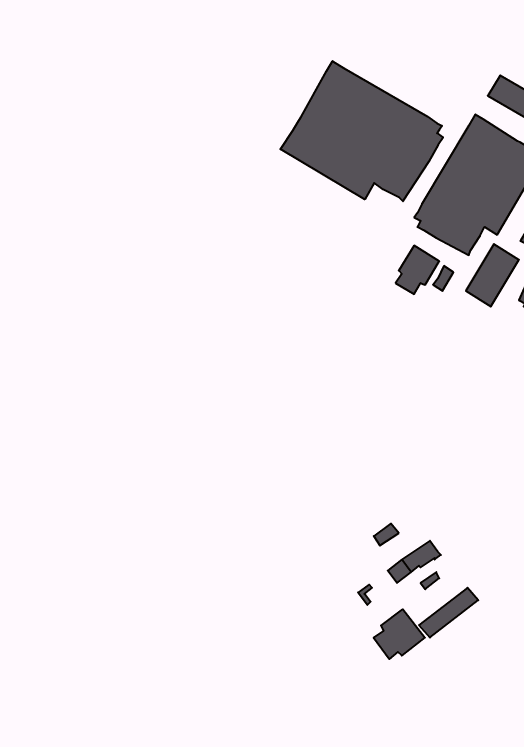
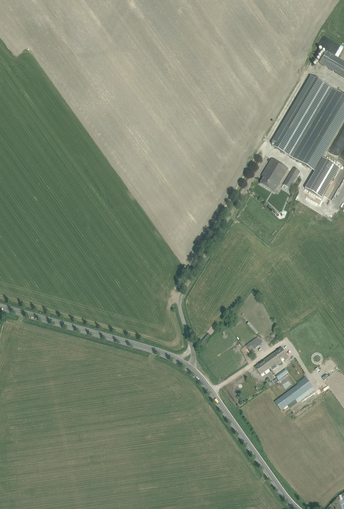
building: [280,61,443,201] -> none
building: [374,609,425,659] -> none

